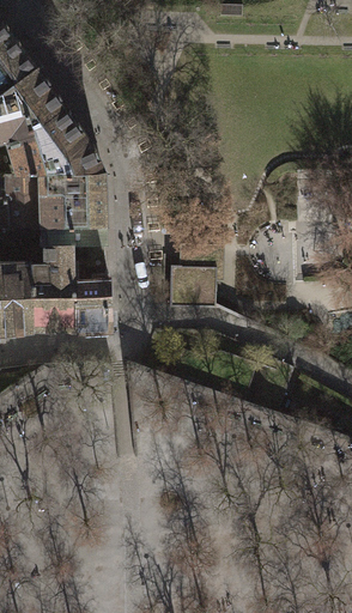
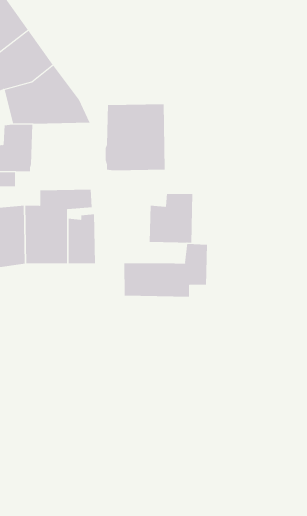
building: [38,175,105,249] -> [105,104,166,171]
building: none -> [124,243,208,298]

